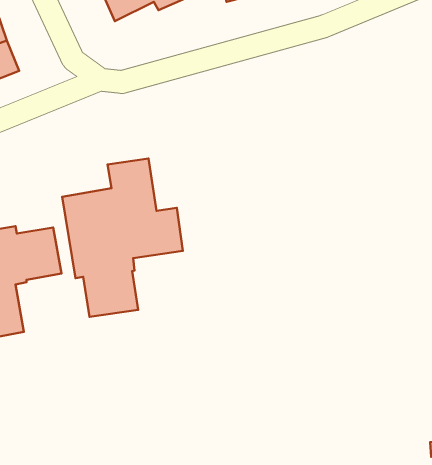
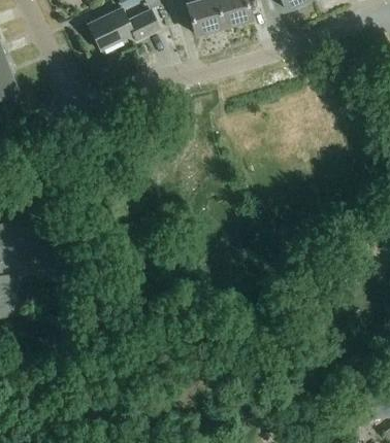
building: [62,159,183,317] -> none

